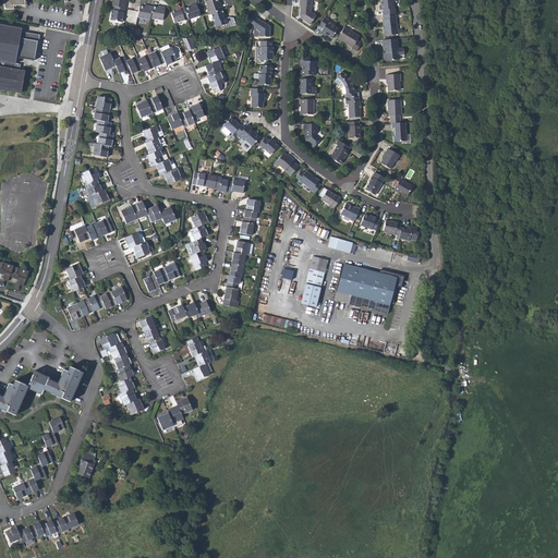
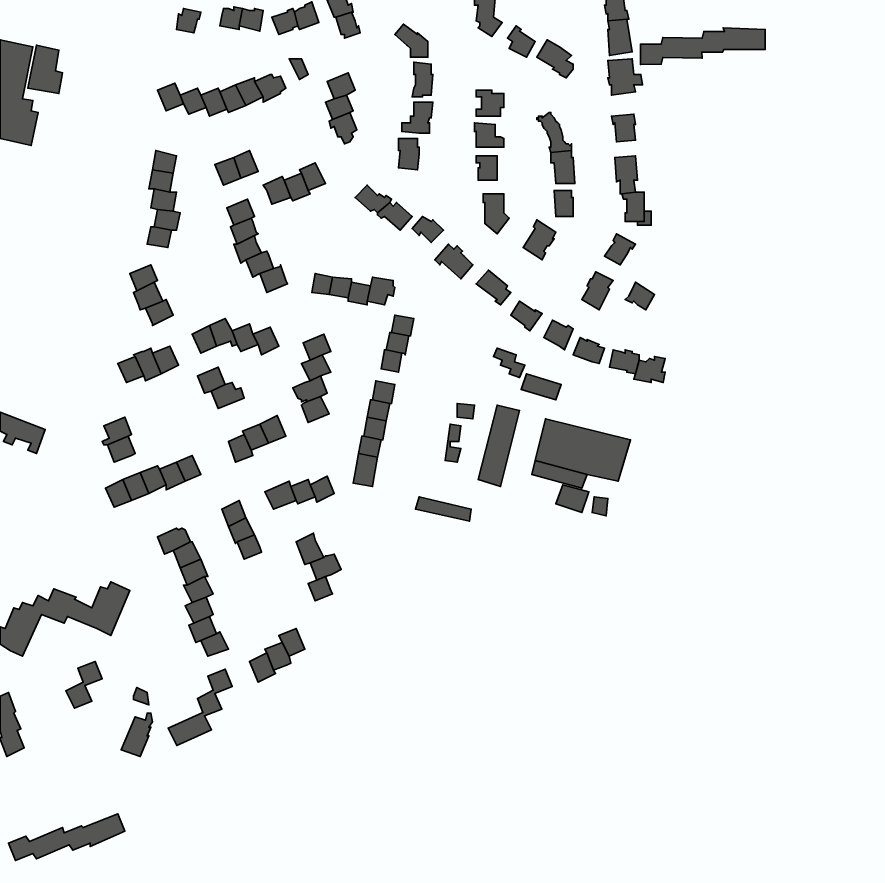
building: none -> [641,28,765,64]
building: [12,450,52,498] -> [168,669,232,745]

